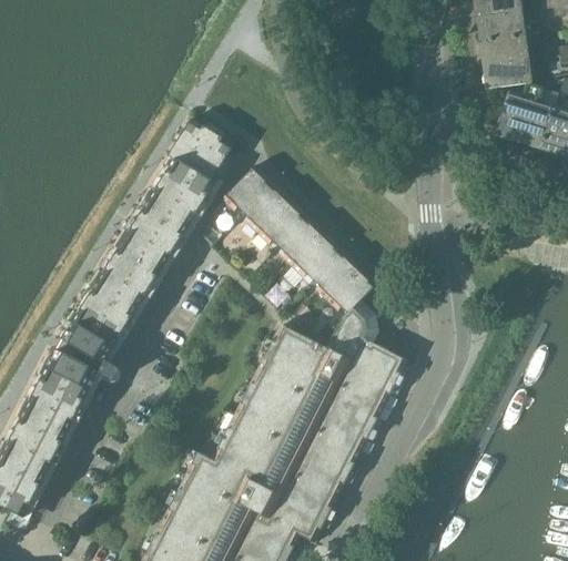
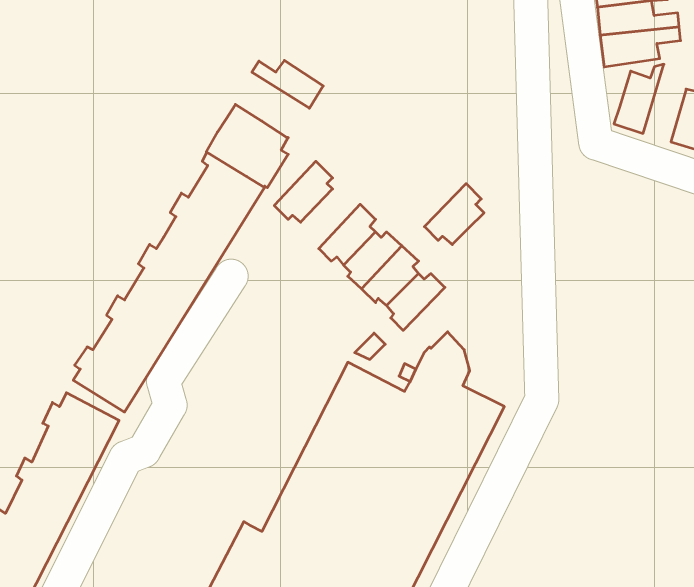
building: none -> [252,60,323,108]
building: [519,86,554,149] -> none
building: [245,186,293,234] -> none
building: [327,265,375,314] -> [424,184,484,245]

